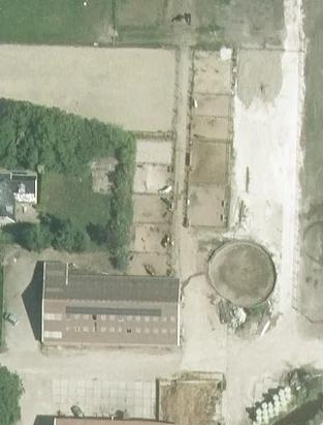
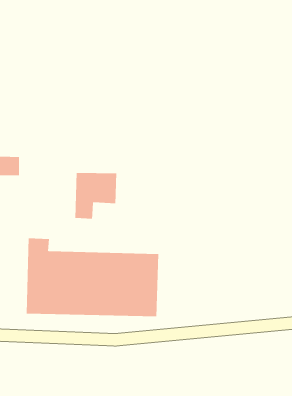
building: none -> [75,172,117,219]

